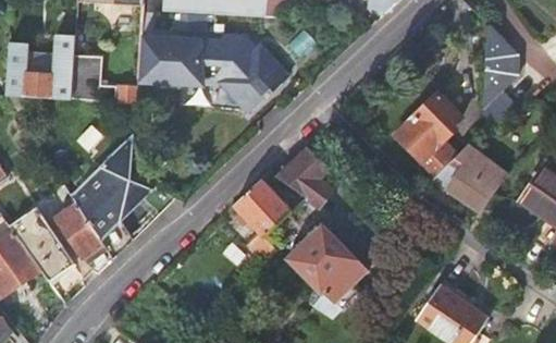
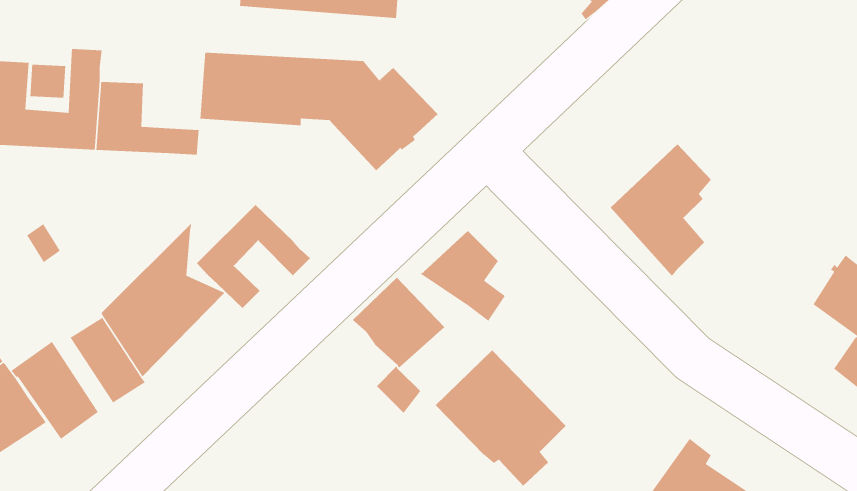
building: [480,25,521,134] -> none
building: none -> [196,204,311,309]
building: [438,135,507,210] -> none

